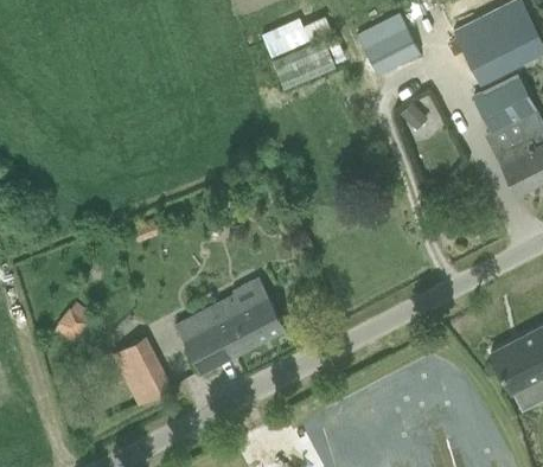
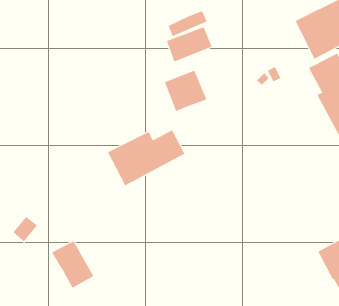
building: [358,13,420,73] -> none
building: none -> [164,70,207,112]
building: [175,294,286,373] -> [107,130,185,186]

